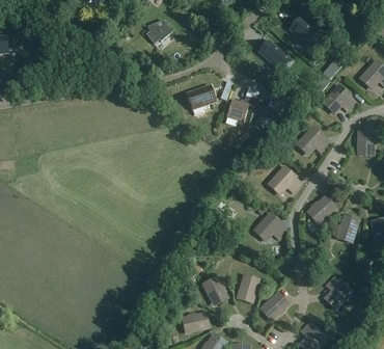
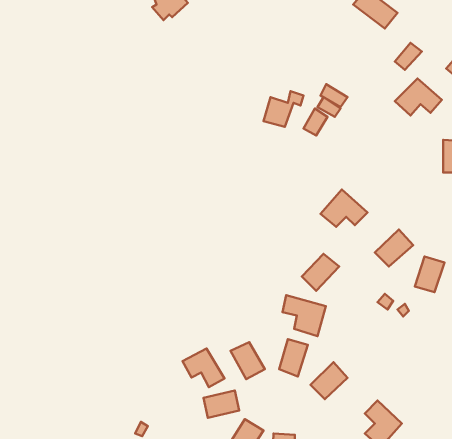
building: [252,35,284,65] -> none
building: [186,81,216,107] -> none
building: [296,127,330,154] -> none
building: none -> [283,295,326,336]
building: [325,274,352,308] -> none
building: none -> [183,349,225,387]

